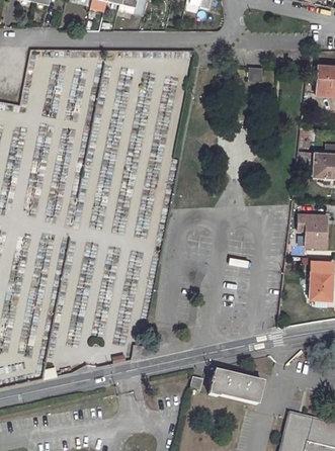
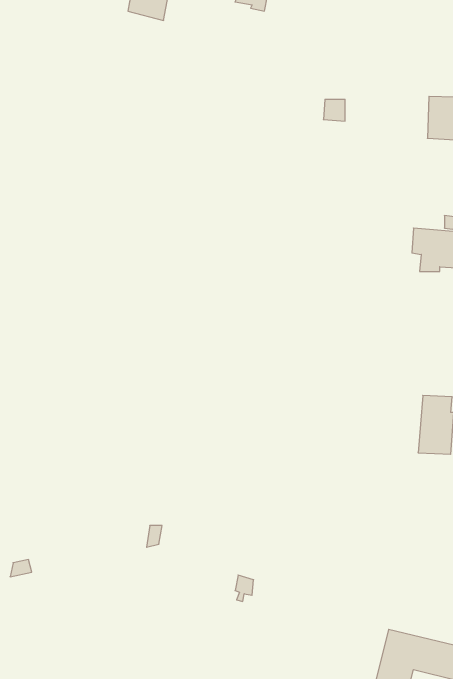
building: [298,213,327,246] -> none
building: [208,370,261,404] -> none

